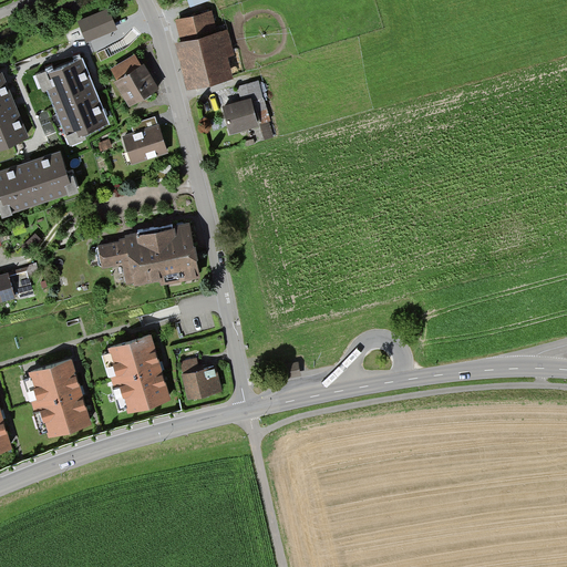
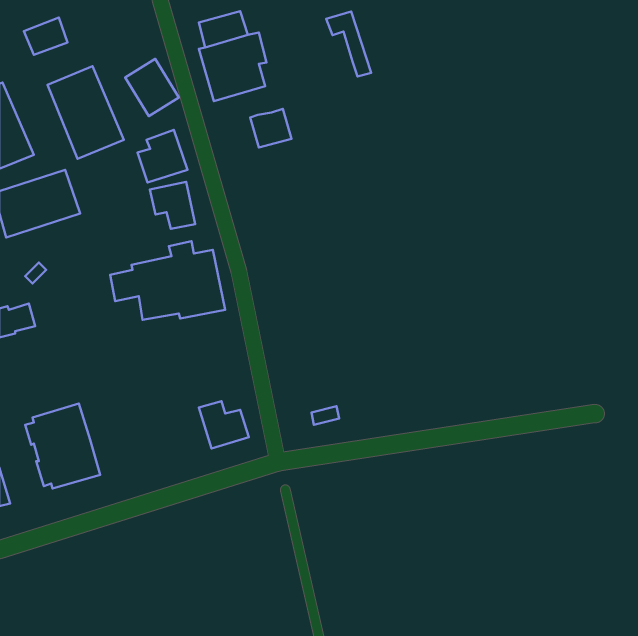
building: [76,9,115,42] -> [24,17,68,55]
building: [235,81,275,138] -> [326,11,371,76]
building: none -> [150,182,195,229]
building: [101,334,168,411] -> none

